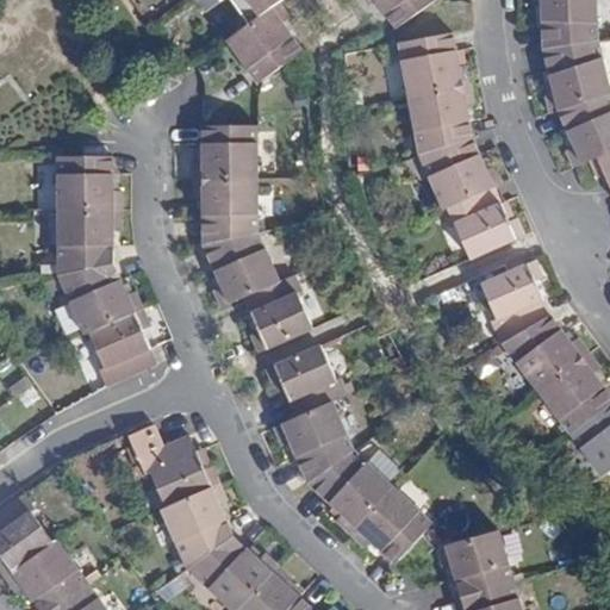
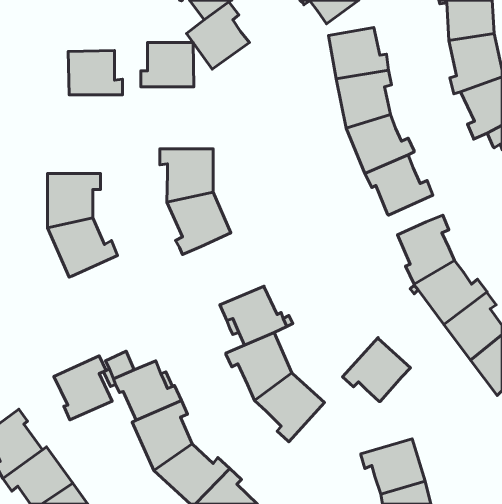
building: [193,126,257,180] -> [141,42,194,87]
building: [56,156,122,210] -> [68,50,122,95]
building: [243,275,312,353] -> none
building: [87,309,157,386] -> [54,356,112,420]
building: [349,486,431,564] -> [343,337,411,401]

